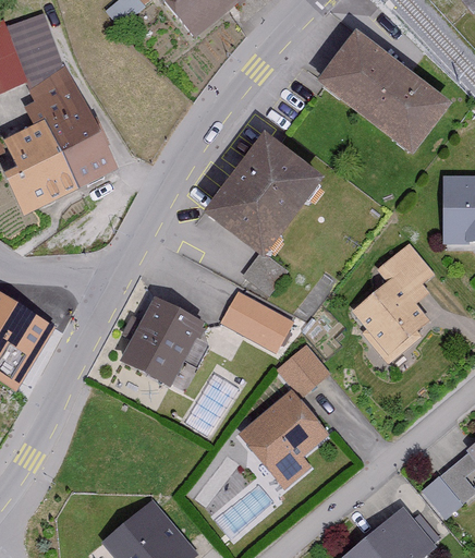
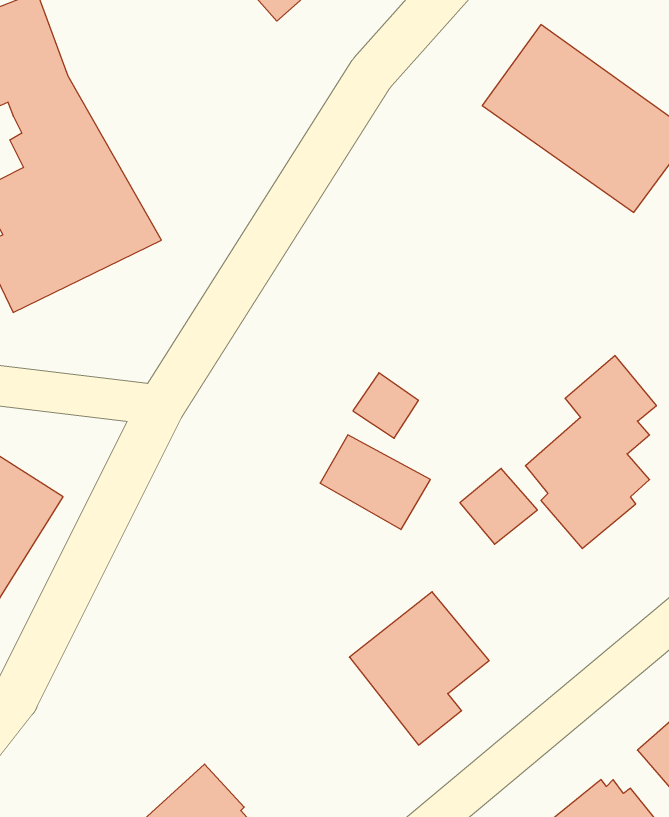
building: [212,141,316,250] -> none
building: [122,296,205,386] -> none
building: [278,345,327,393] -> [460,468,537,544]

